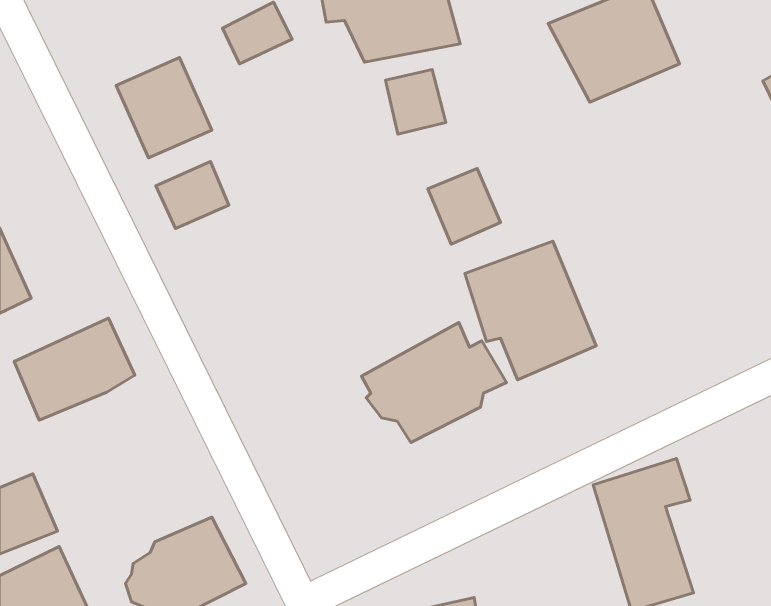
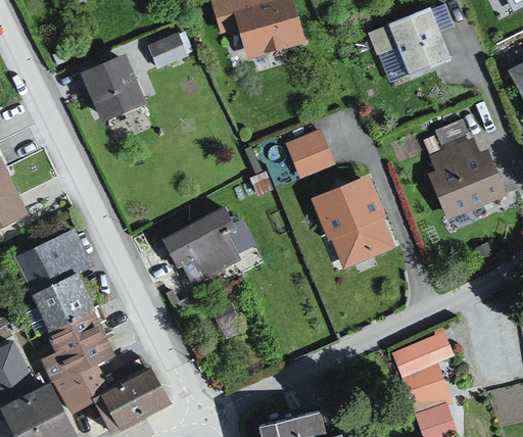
building: [385,69,446,134] -> none
building: none -> [426,119,509,220]
building: [156,162,229,228] -> none
building: [362,322,507,443] -> [160,205,256,285]
building: none -> [30,278,114,412]

